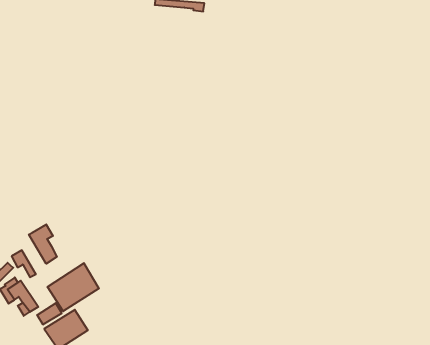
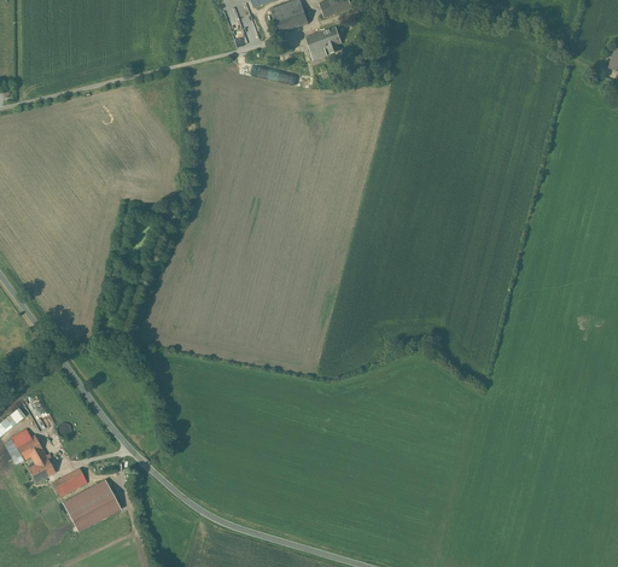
building: [29,224,57,264] -> none
building: [48,263,99,311] -> none

